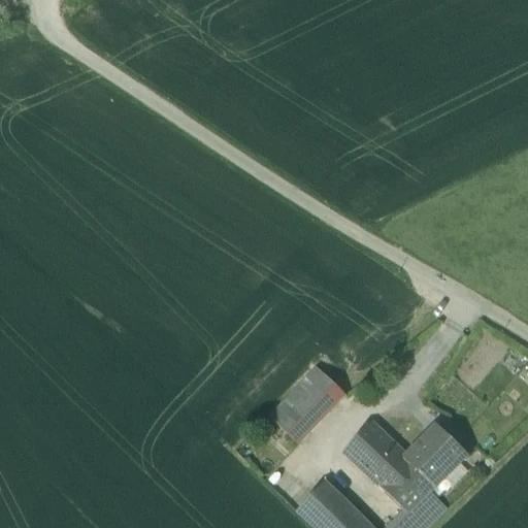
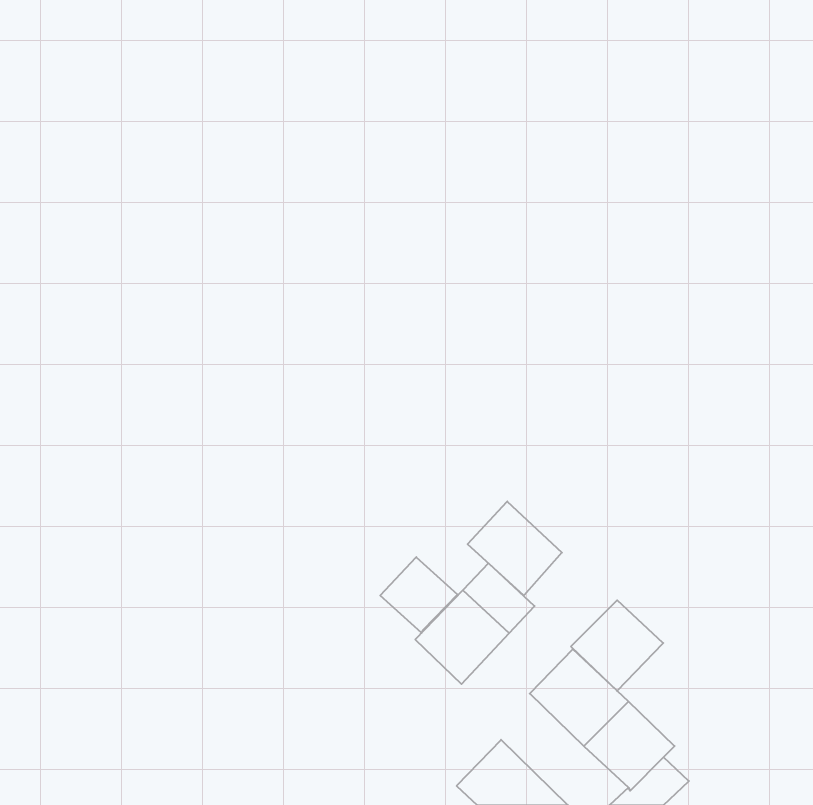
building: none -> [468,501,562,595]
building: none -> [380,557,458,633]
building: [407,425,467,484] -> [571,600,663,691]

